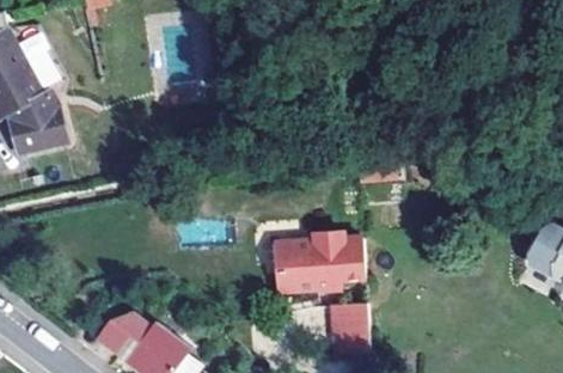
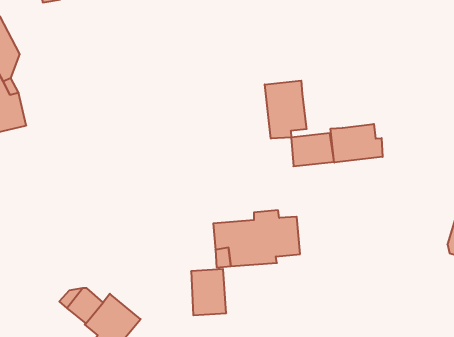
building: none -> [265,81,307,139]
building: none -> [331,124,383,163]
building: [331,305,369,355] -> [191,269,226,315]

